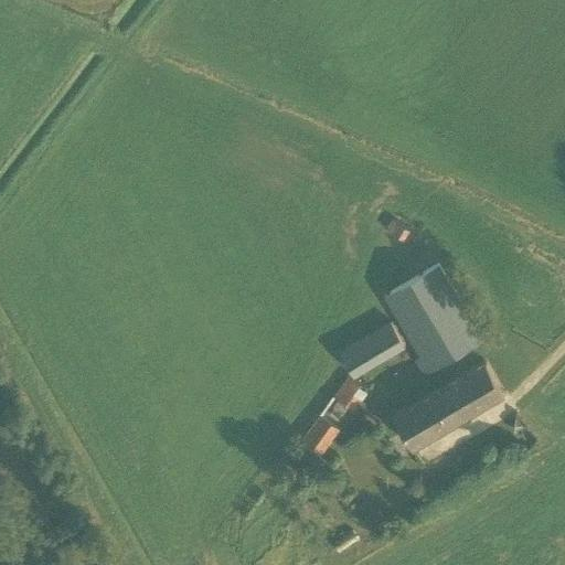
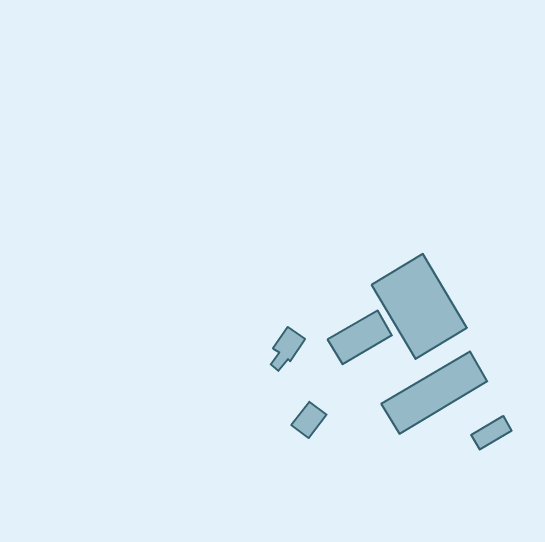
building: [329,380,364,425] -> [271,327,305,371]
building: none -> [471,416,512,450]

